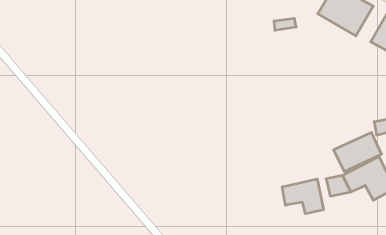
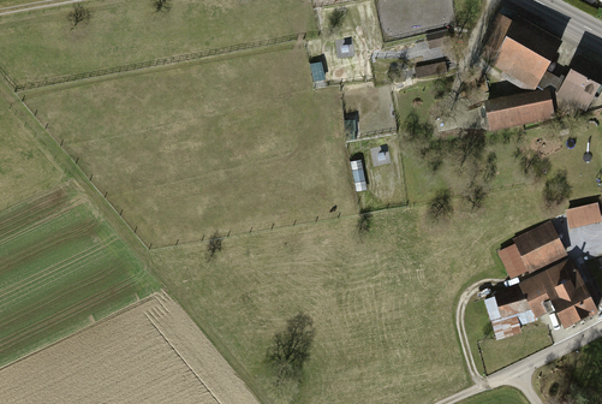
building: none -> [487,88,554,129]
building: [282,179,323,214] -> none

